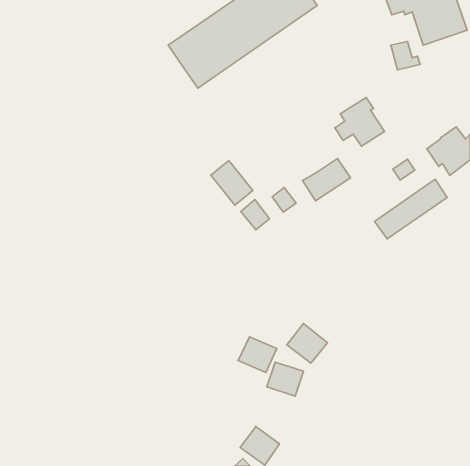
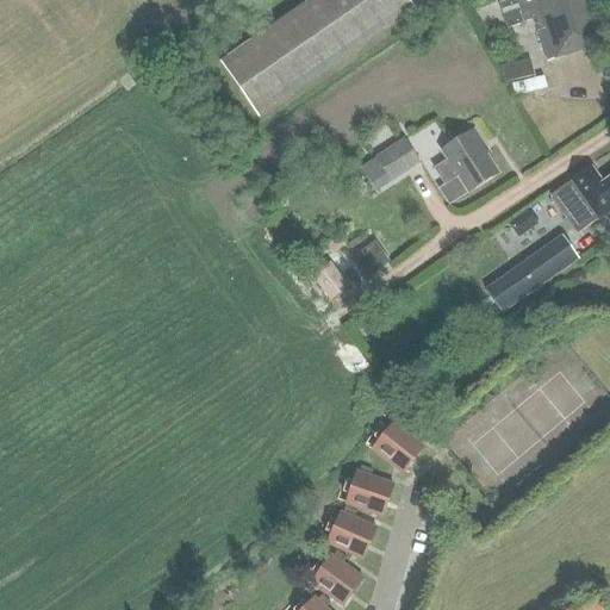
building: [303,158,350,201] -> [359,136,421,191]
building: [211,161,253,205] -> none
building: [238,337,277,373] -> [326,510,376,556]

